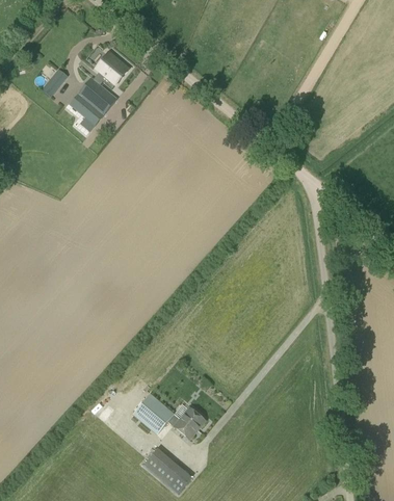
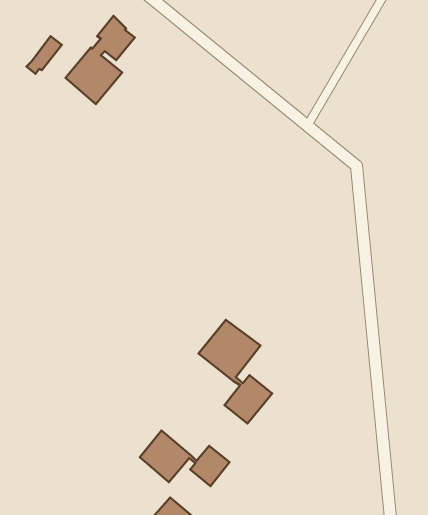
building: none -> [198,320,272,424]

